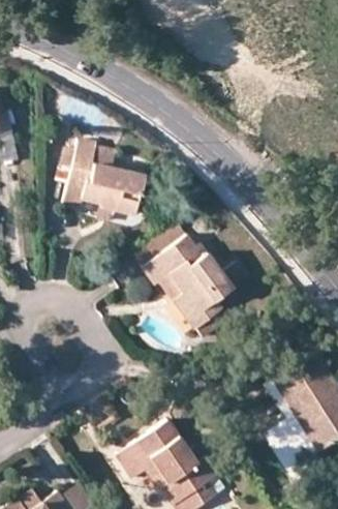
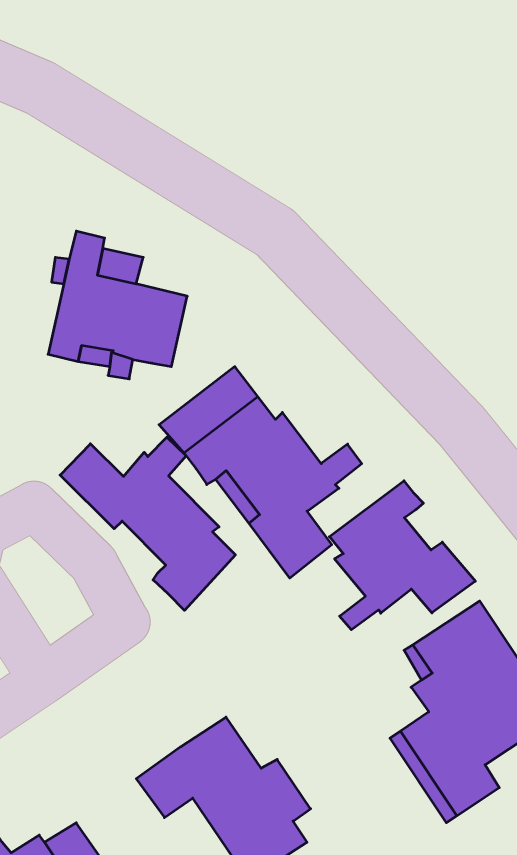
building: none -> [60,437,235,610]
building: none -> [329,481,475,630]

